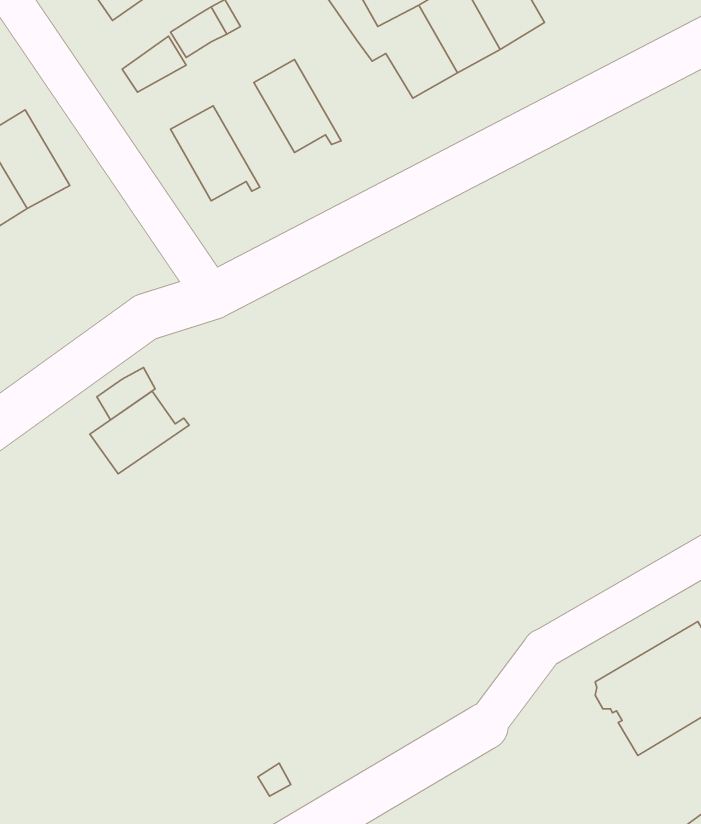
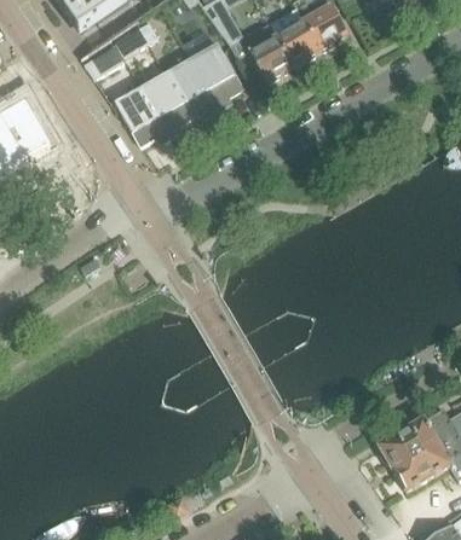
building: none -> [192,43,243,109]
building: none -> [142,72,192,138]
building: [90,391,189,474] -> none

